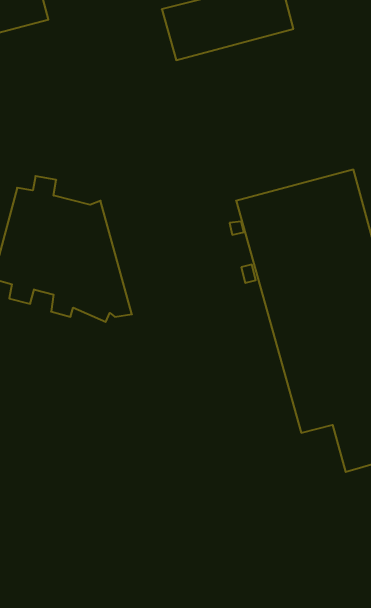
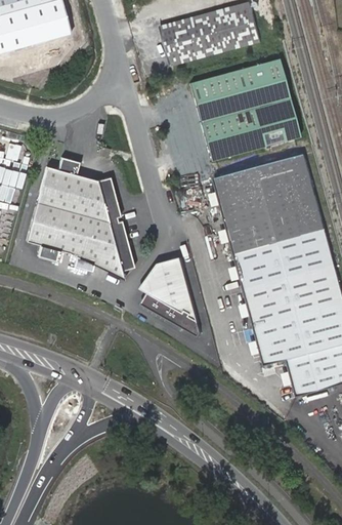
building: none -> [187,60,296,160]
building: none -> [144,255,204,332]

